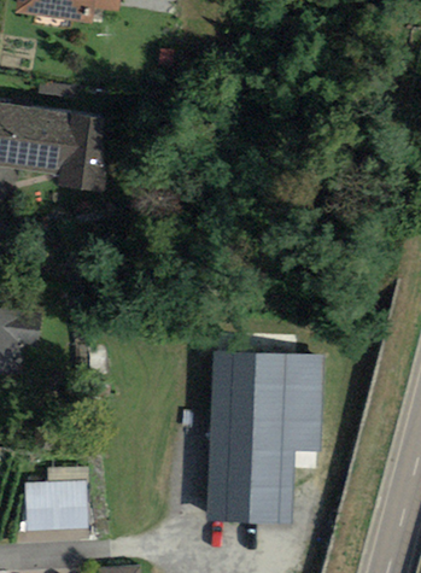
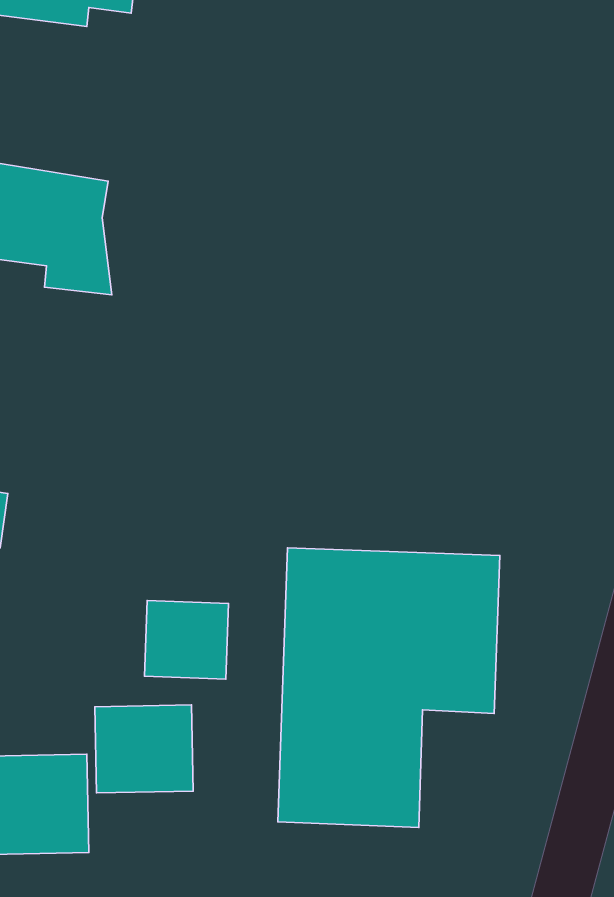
building: none -> [144,600,229,679]
building: none -> [95,705,193,793]

